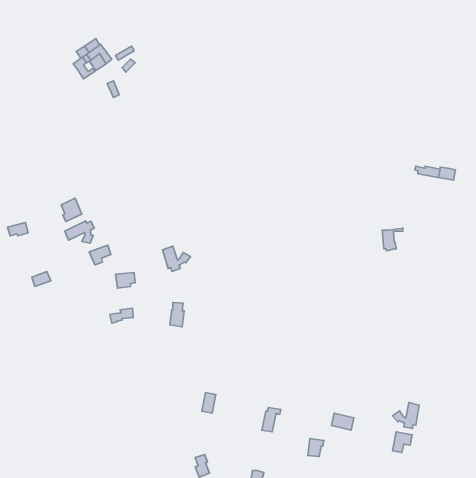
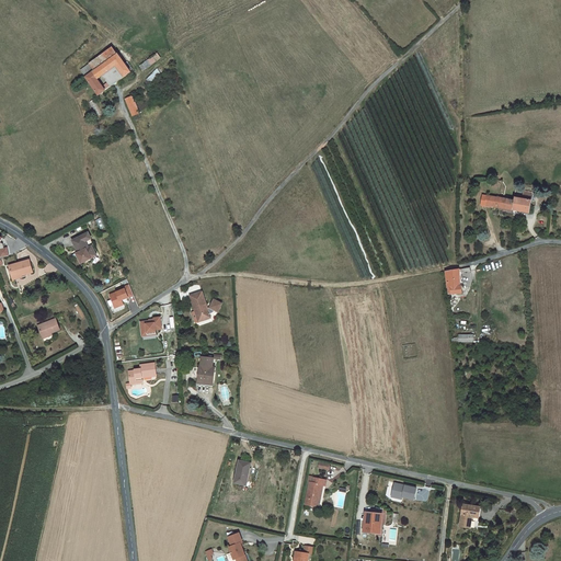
building: [65,221,94,243] -> none
building: [393,403,419,429] -> none

